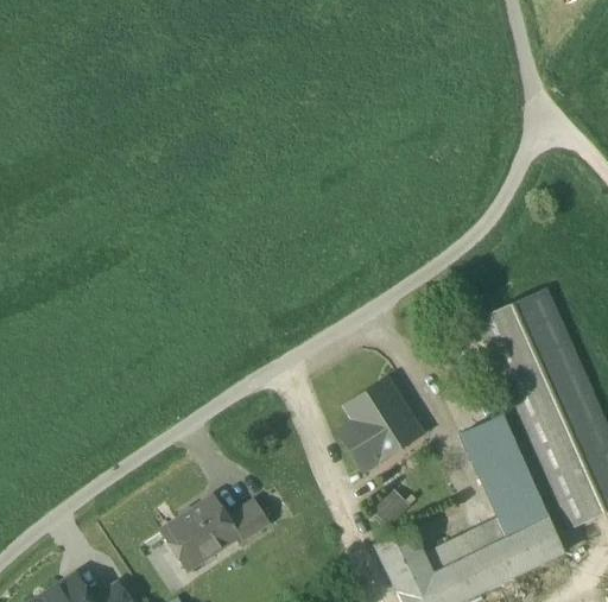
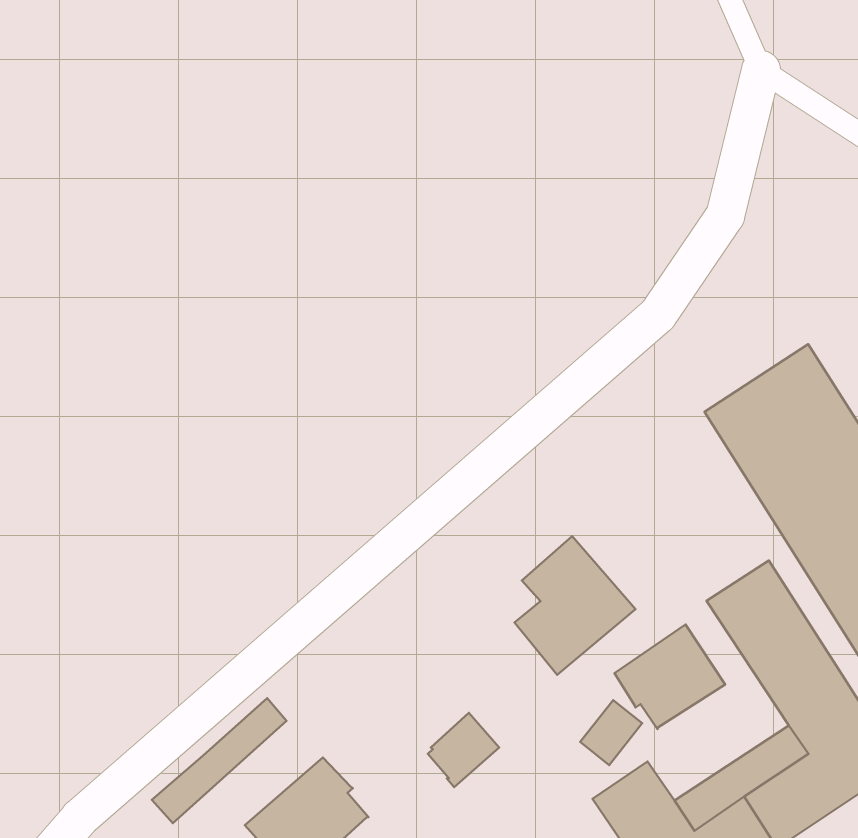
building: none -> [614,624,725,729]
building: none -> [152,698,286,823]
building: [227,499,271,543] -> [428,713,499,787]

